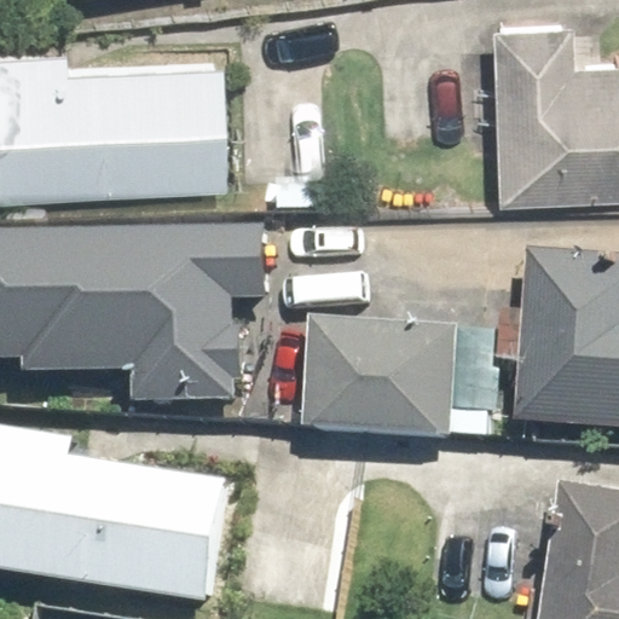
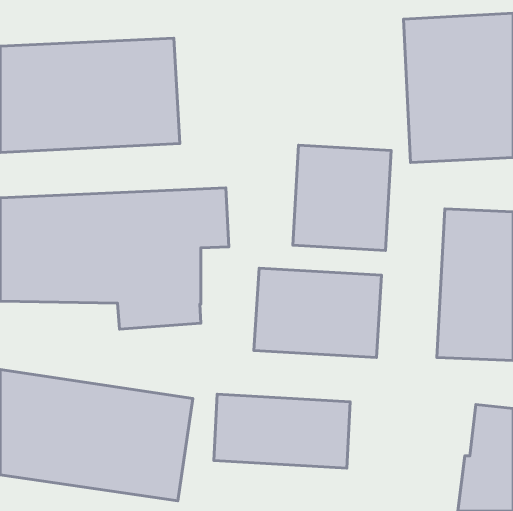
building: none -> [293,145,391,251]
building: none -> [214,394,350,468]

